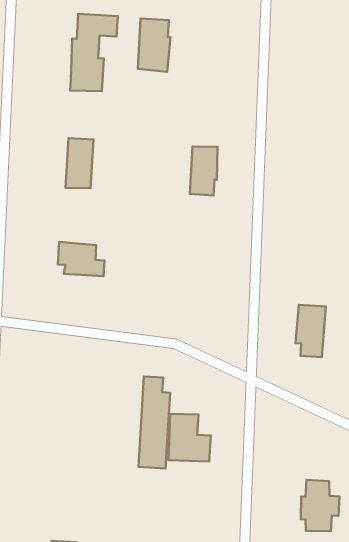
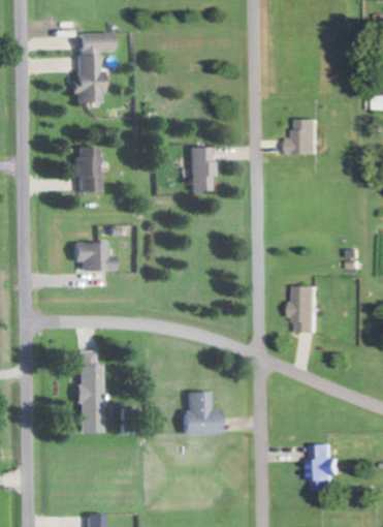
building: [138,18,171,72] -> none
building: none -> [286,119,318,154]
building: [139,376,170,468] -> [75,350,100,433]

